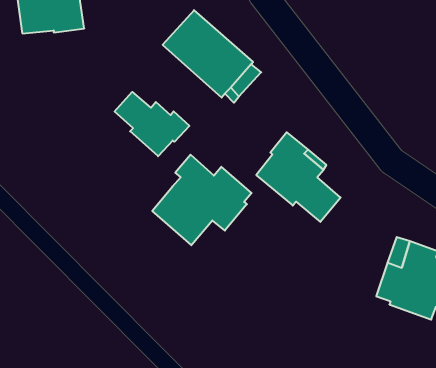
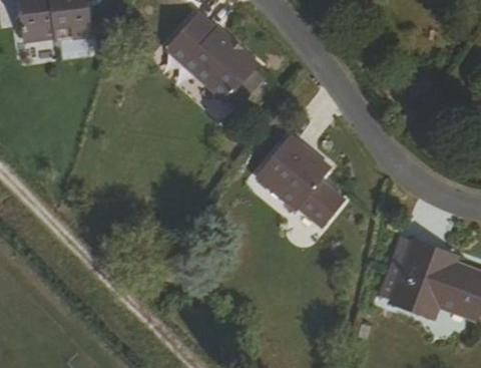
building: [115,92,189,156] -> none
building: [152,155,252,245] -> none

